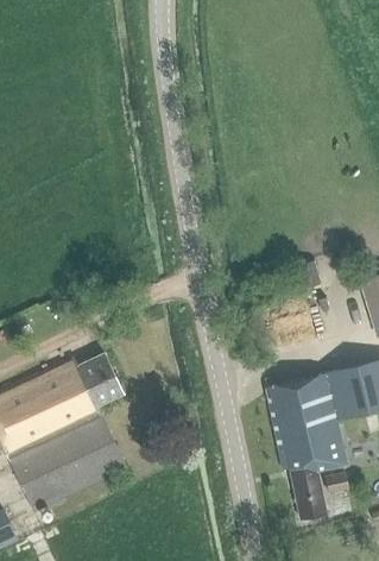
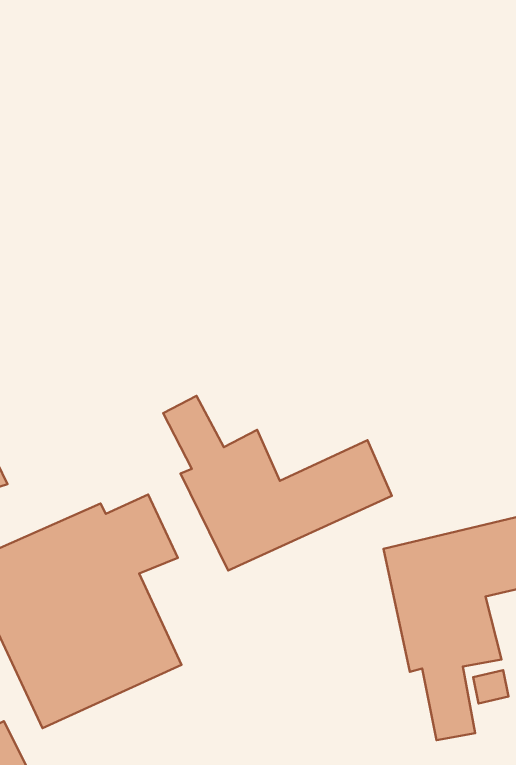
building: none -> [163,396,392,570]

